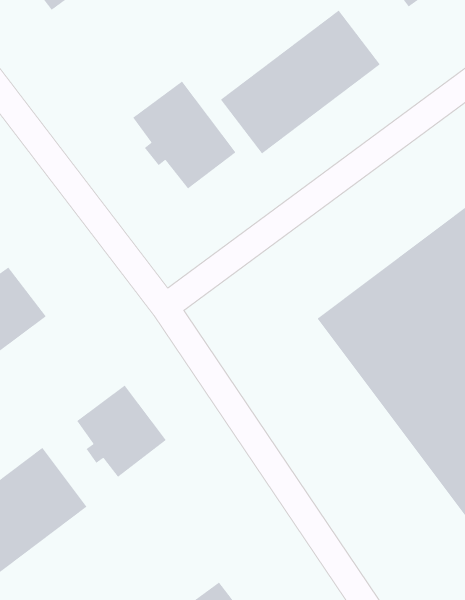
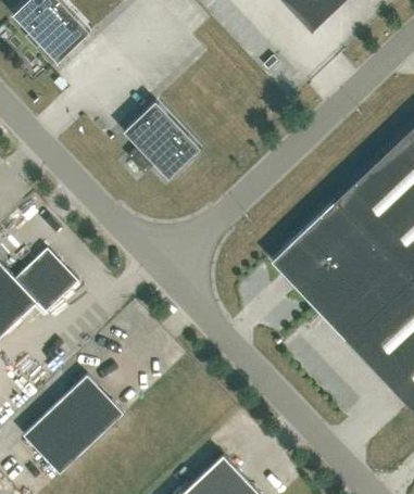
building: [220,9,381,154] -> none
building: [76,385,167,478] -> none

